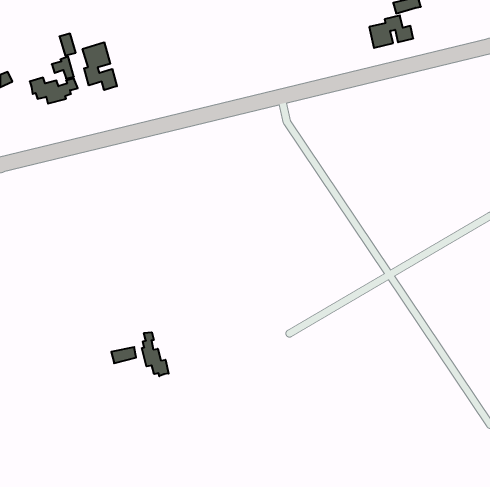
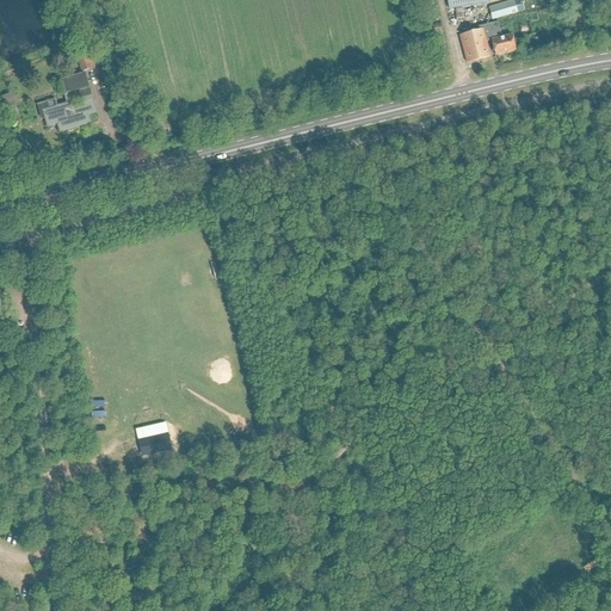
building: [83,42,117,90] -> none
building: [142,332,169,376] -> none

